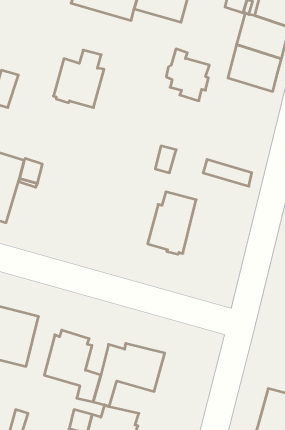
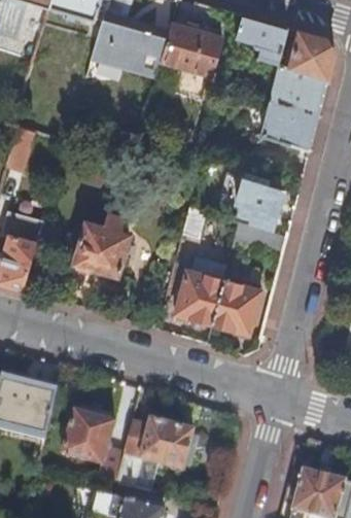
building: [166,49,209,101] -> [236,172,282,228]
building: [53,50,104,108] -> [75,213,130,275]
building: none -> [213,280,261,333]

